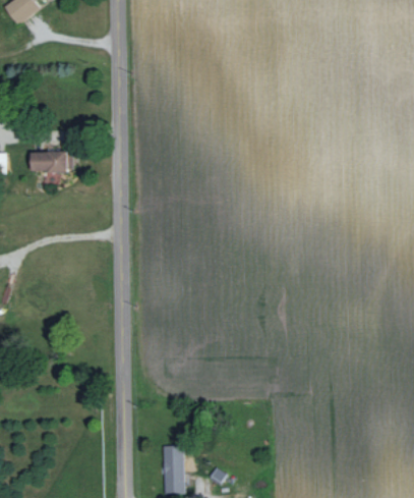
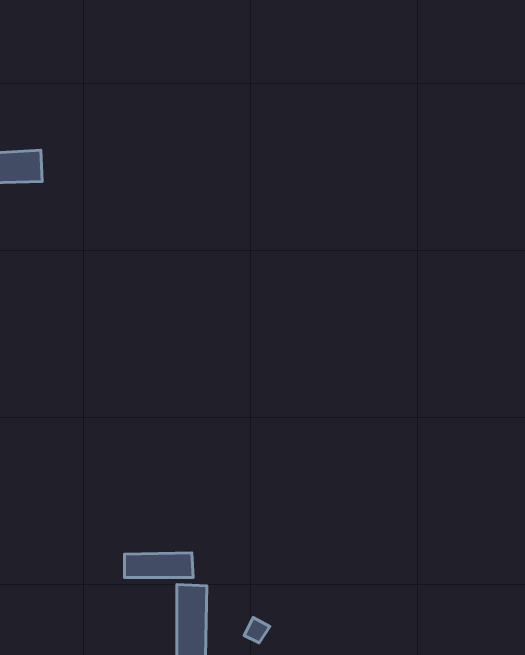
building: none -> [124,553,193,577]

